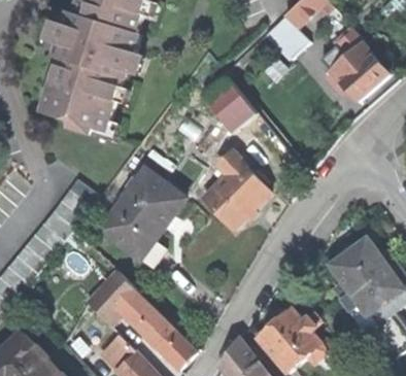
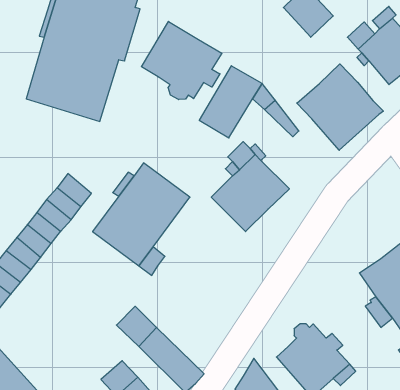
building: none -> [141,21,222,100]
building: none -> [297,64,383,150]
building: [86,270,138,323] -> none

